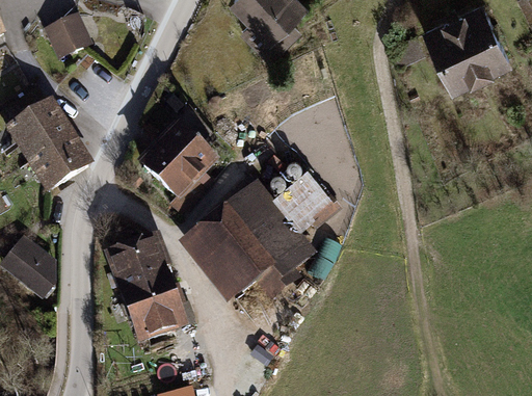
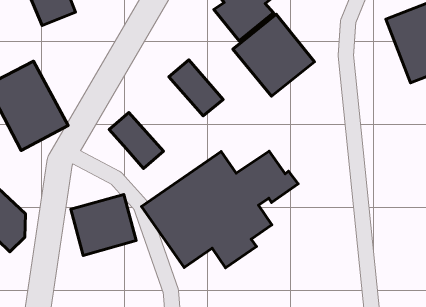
building: none -> [233,14,315,96]
building: [157,125,216,183] -> [169,60,223,116]
building: [119,280,190,341] -> none

